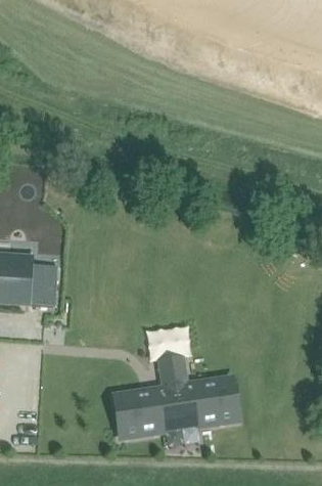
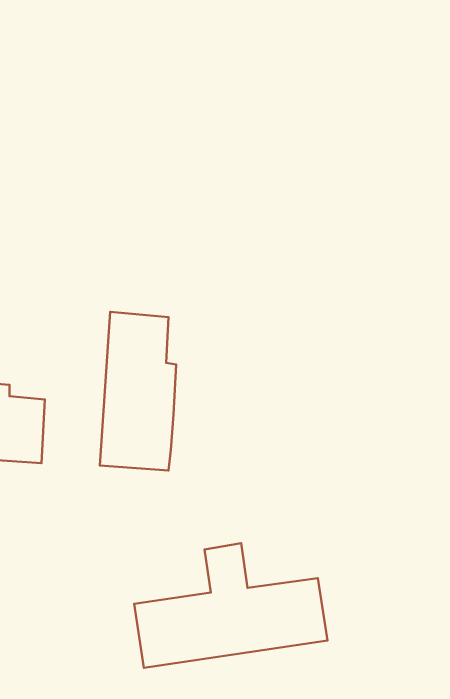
building: none -> [100,312,176,470]

